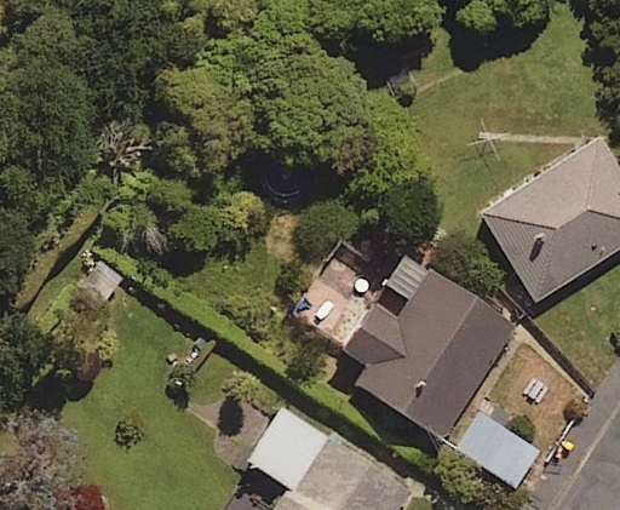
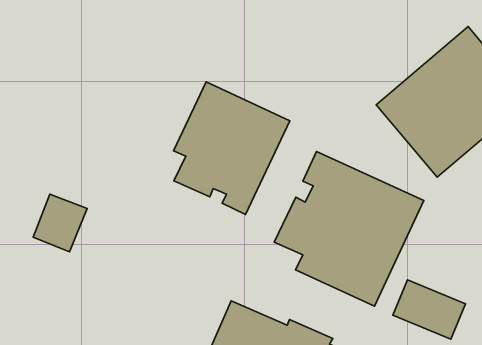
building: none -> [174,82,290,214]

